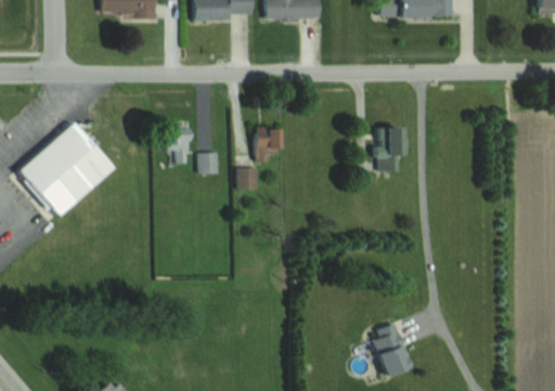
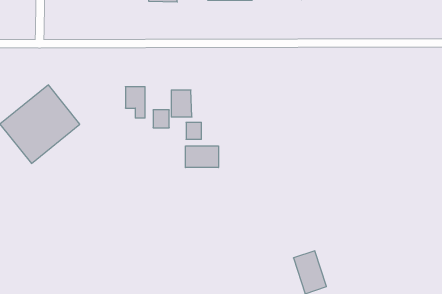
building: [256,128,281,160] -> [171,90,192,117]
building: [374,128,402,172] -> none
building: none -> [185,146,218,168]

